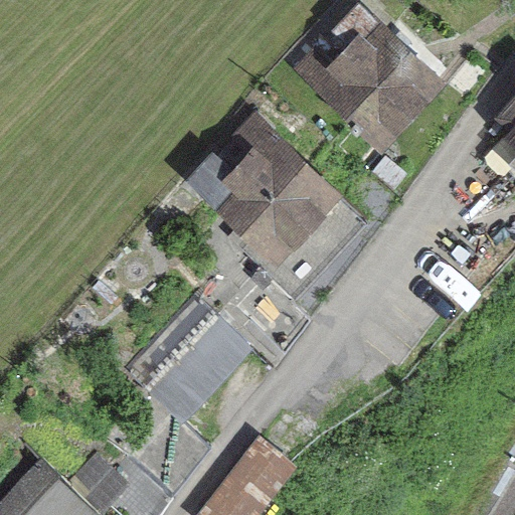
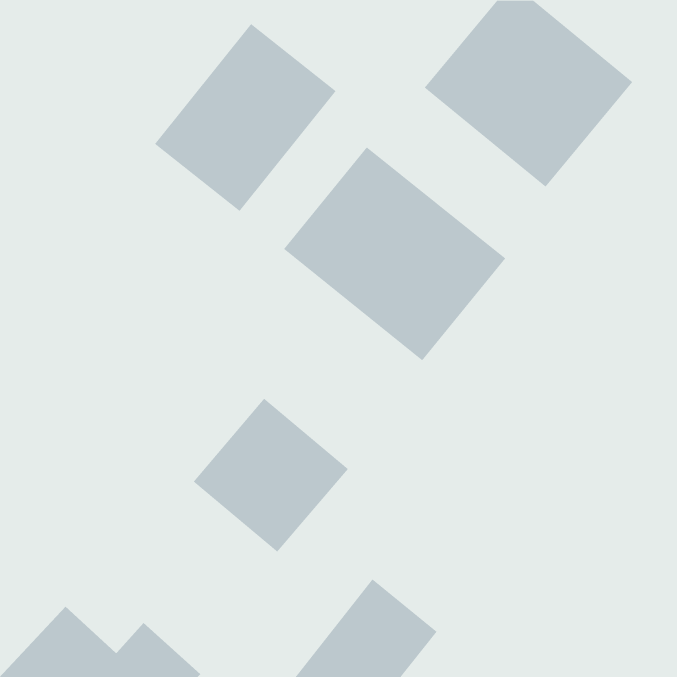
building: none -> [154,23,337,212]

